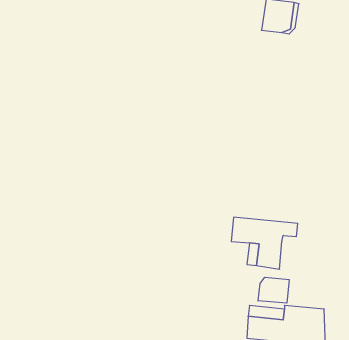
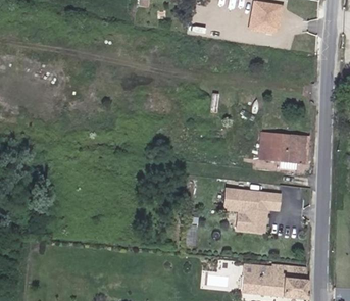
building: none -> [260,133,304,161]
building: [258,277,289,303] -> none

